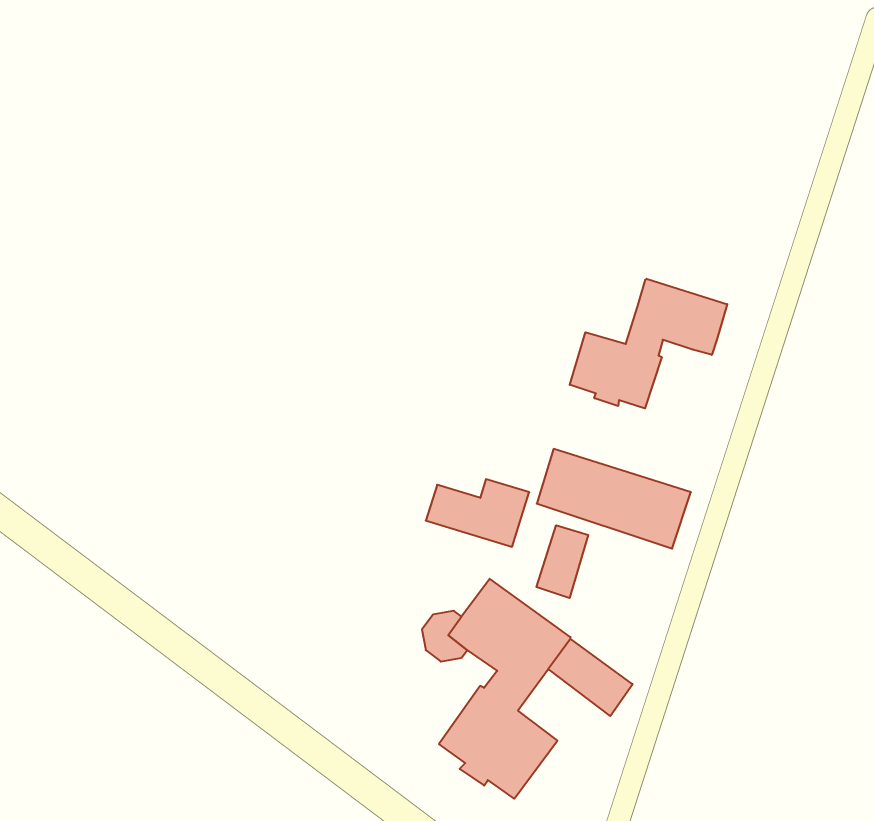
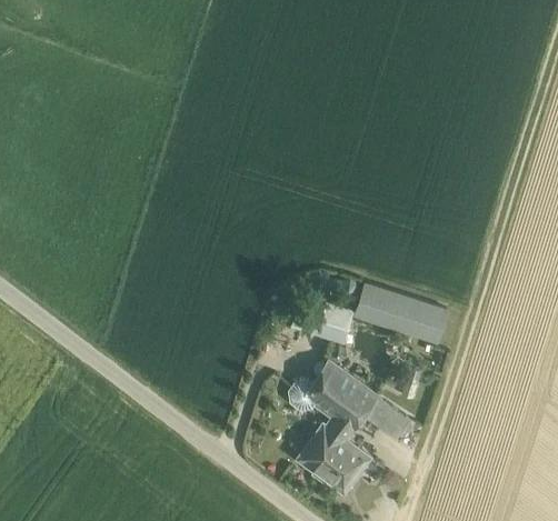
building: [570,279,727,408] -> none
building: [536,525,588,598] -> none

